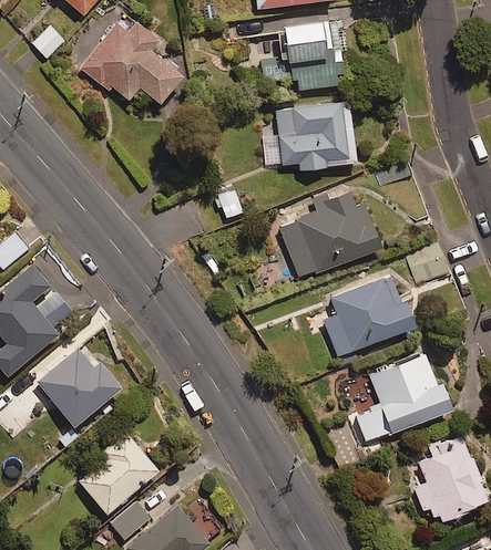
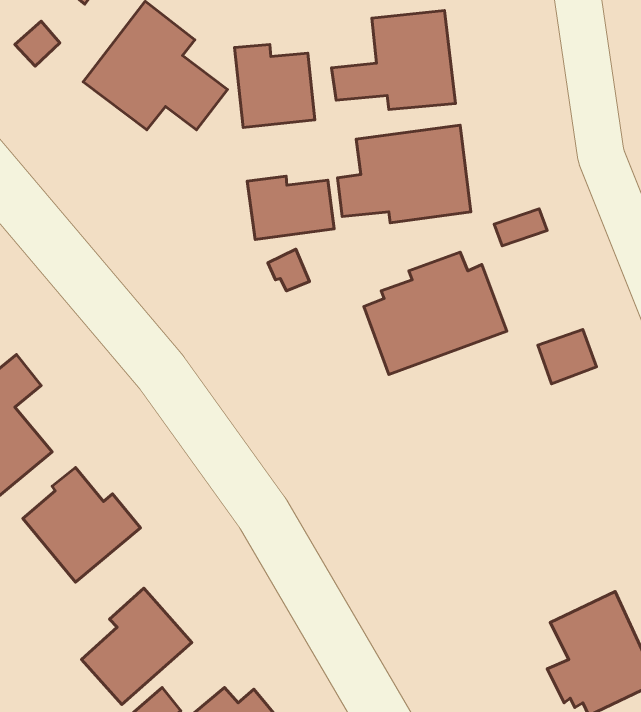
building: none -> [234,44,315,127]
building: none -> [247,176,334,240]
building: [323,276,417,356] -> none
building: [356,353,453,444] -> none

